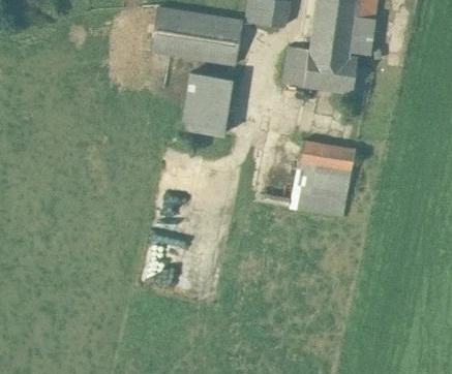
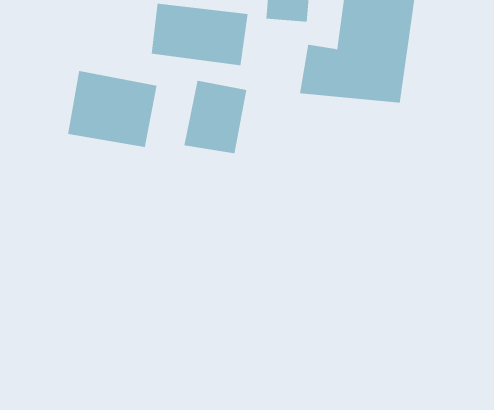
building: none -> [67,70,157,148]
building: [292,142,355,217] -> none

